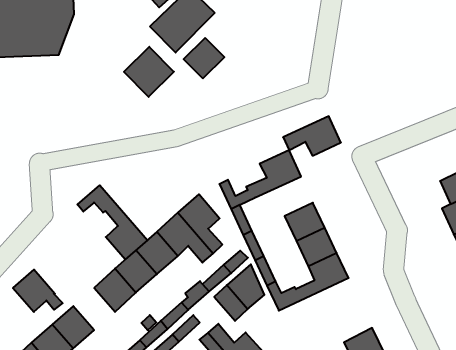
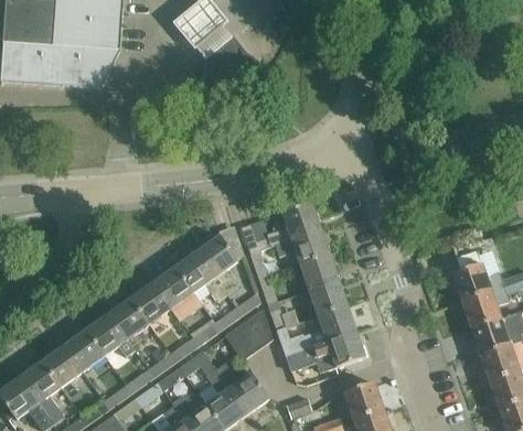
building: [184,38,224,78] -> none
building: [124,47,174,97] -> none
building: [283,116,341,156] -> [274,229,329,266]
building: [77,185,148,259] -> none
building: [13,270,63,312] -> [87,315,134,356]
building: none -> [285,332,365,382]

